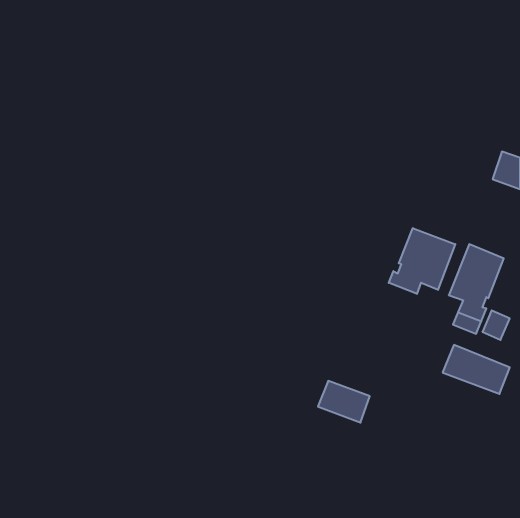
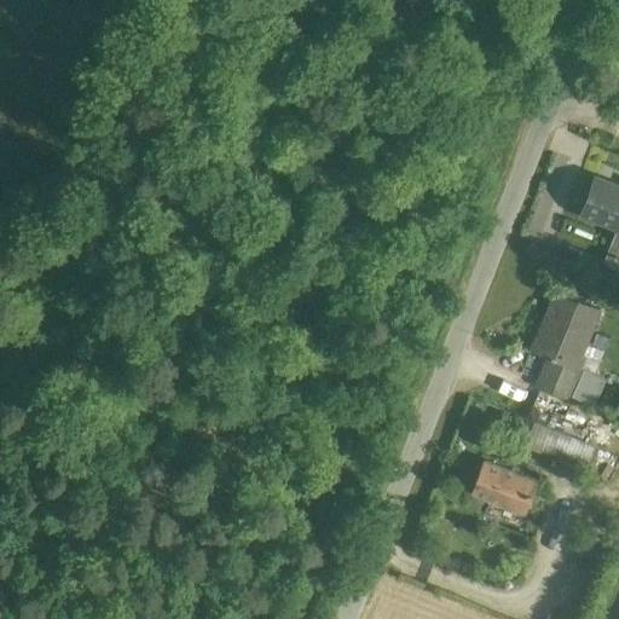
building: [389,228,455,294] -> none
building: [318,381,370,423] -> [475,464,537,514]

